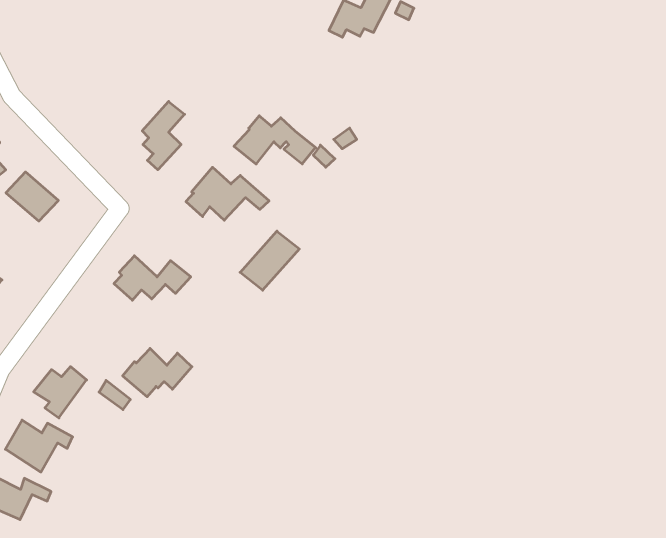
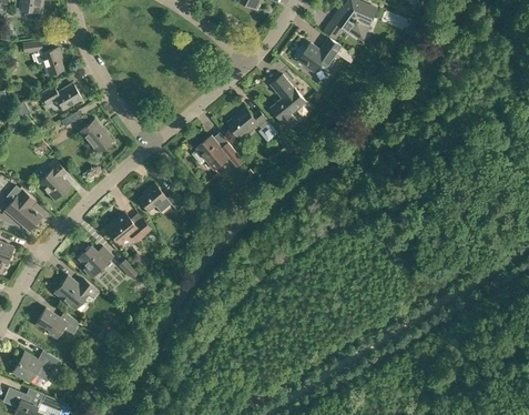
building: none -> [271,80,306,129]
building: [142,101,185,170] -> none
building: [240,231,299,290] -> none
building: [123,348,192,397] -> [105,213,150,243]

